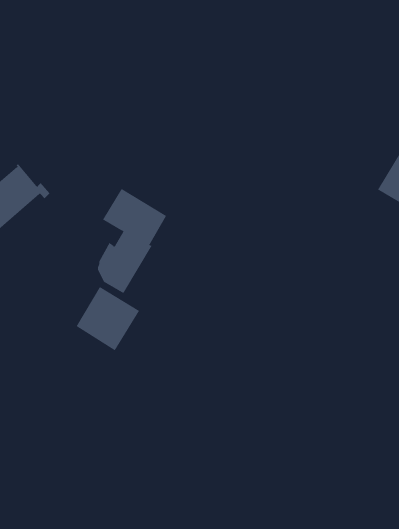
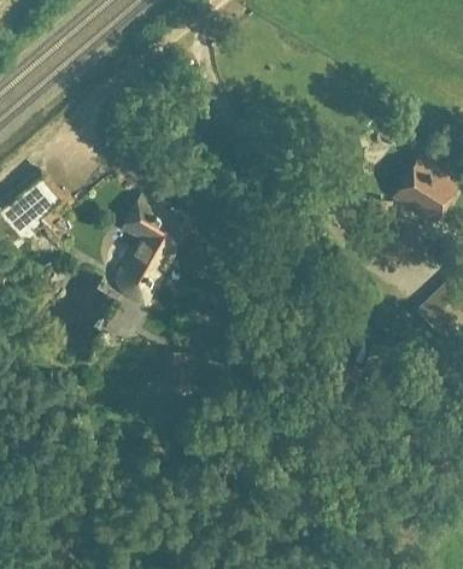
building: [76,286,140,351] -> none

